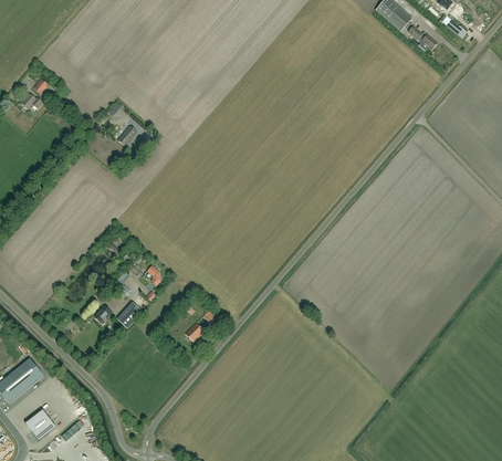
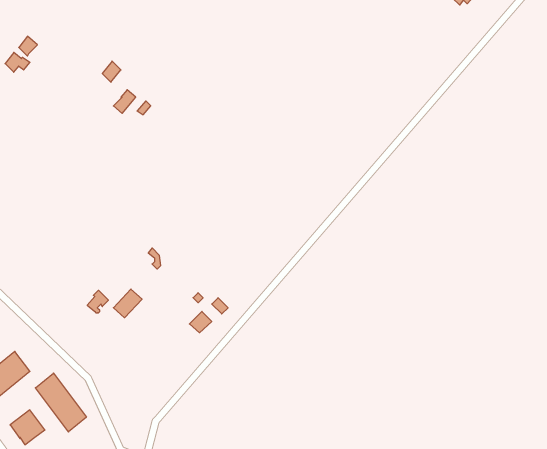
building: none -> [35,373,86,432]

